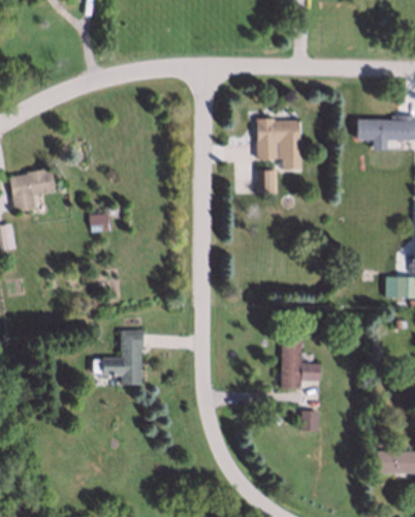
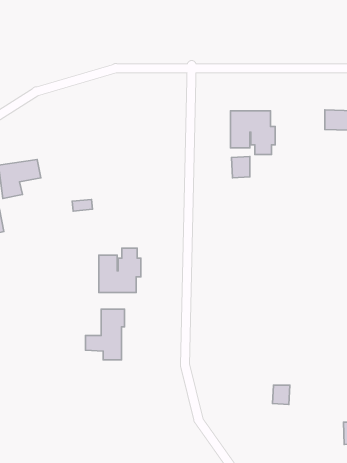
building: none -> [99,248,141,293]
building: [282,342,320,389] -> none

